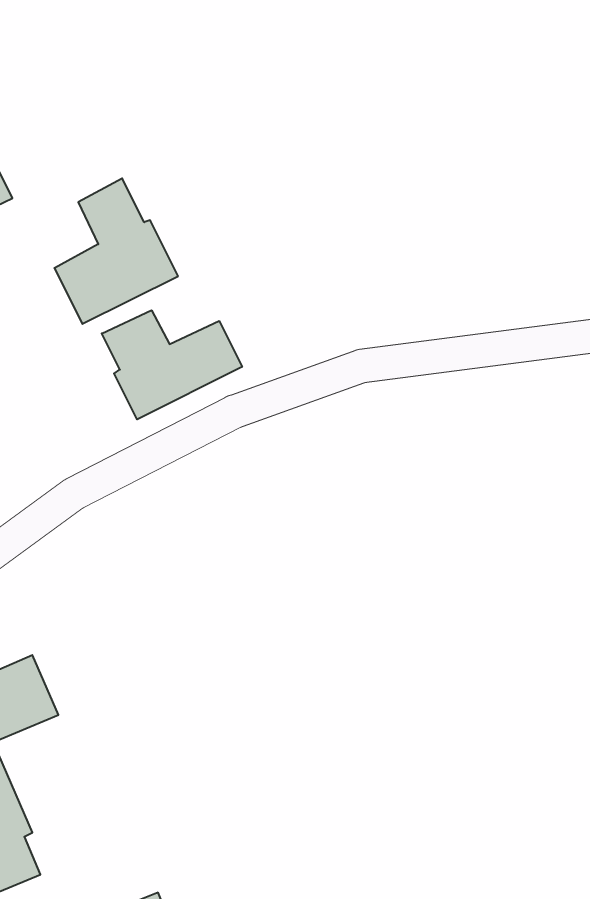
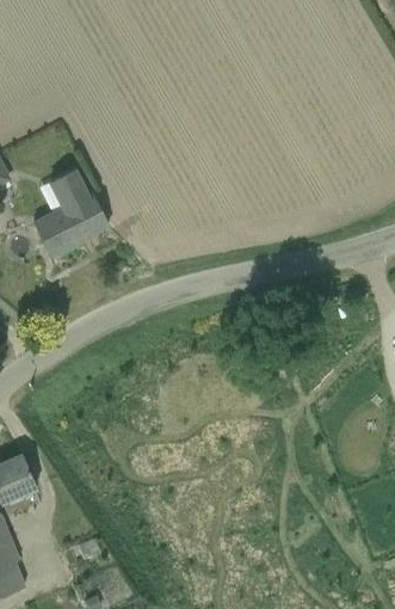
building: [102,310,242,419] -> none

